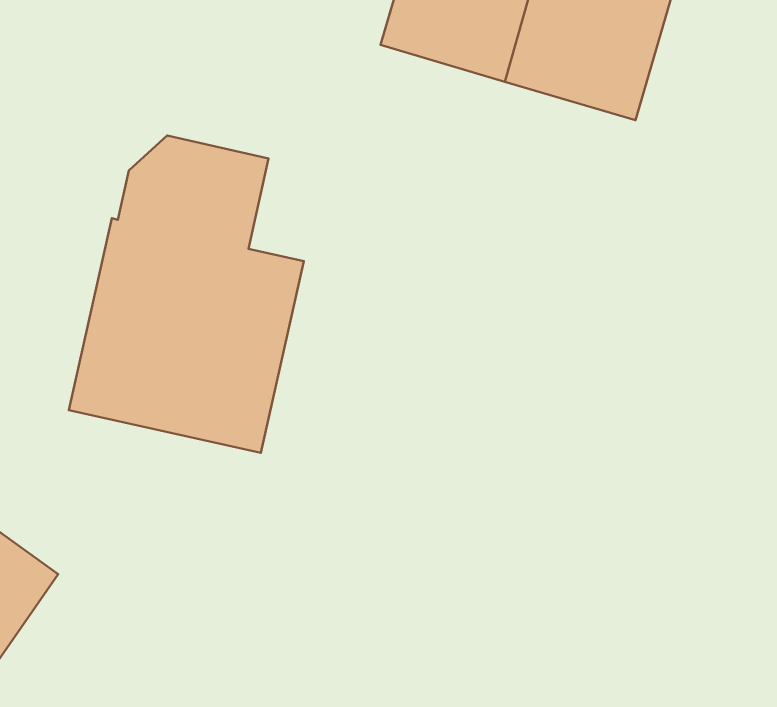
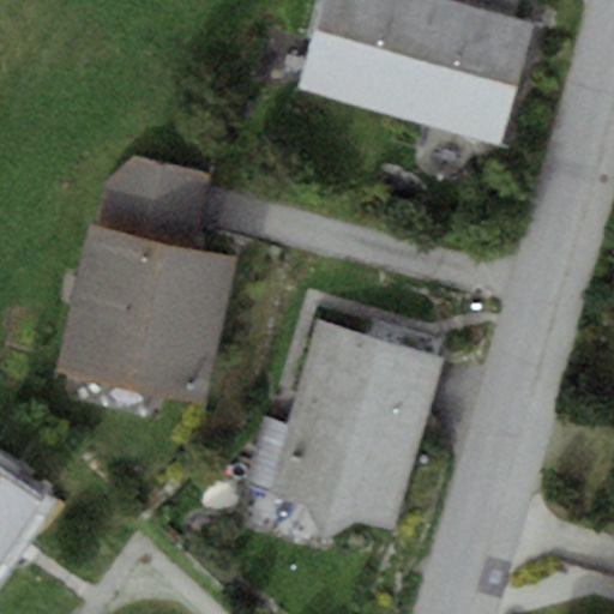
building: none -> [243,323,444,541]

